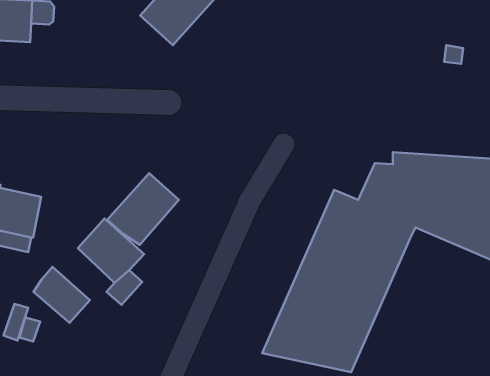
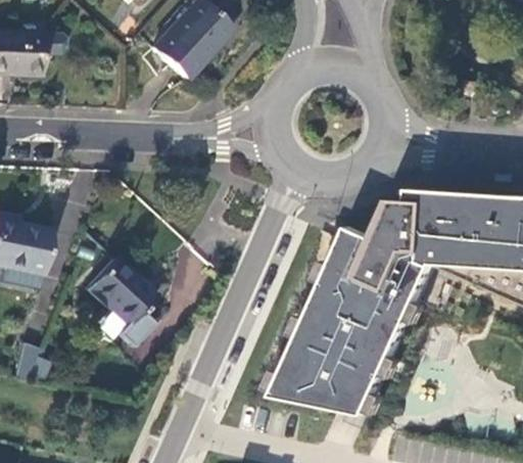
building: [107,173,179,245] -> none
building: [34,267,90,323] -> none

